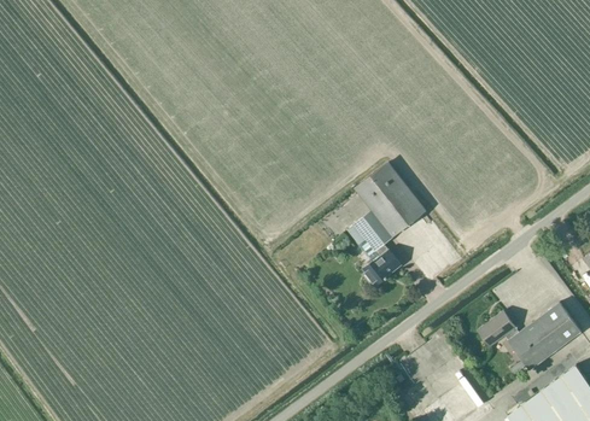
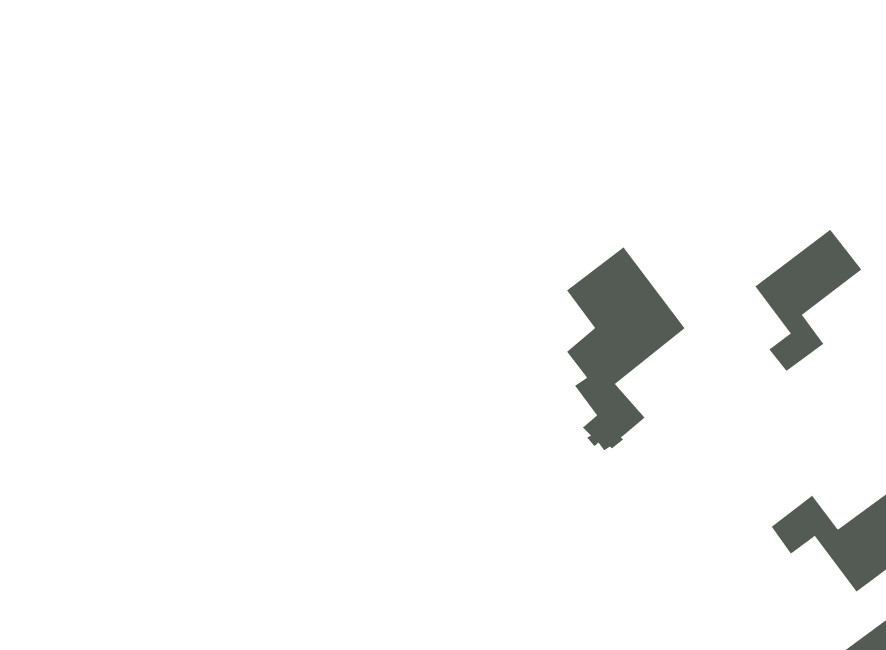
building: none -> [755,229,862,372]

